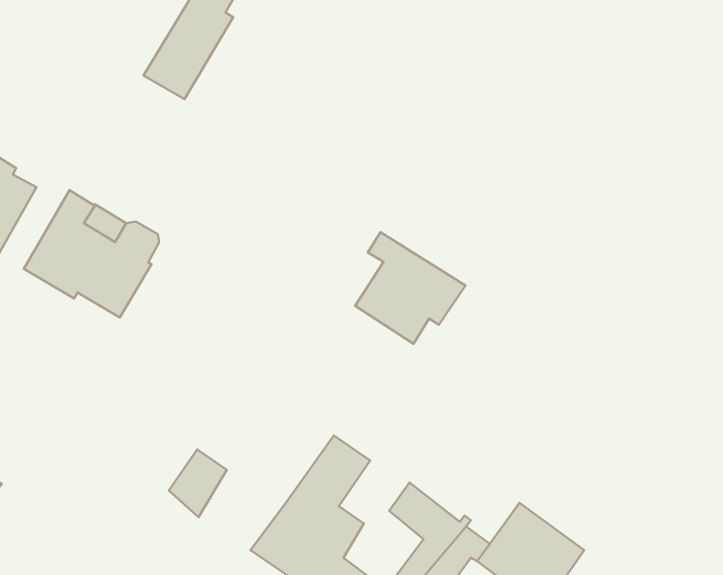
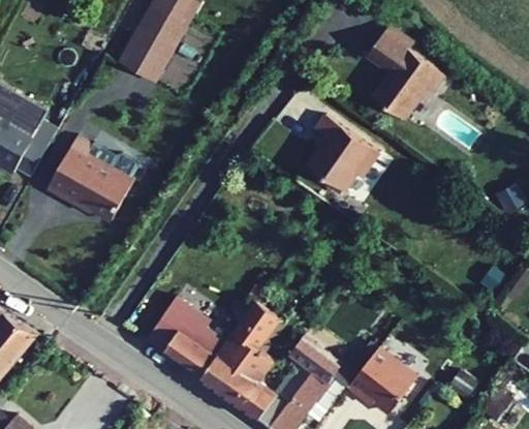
building: none -> [352,28,433,115]
building: [355,232,465,344] -> [316,125,388,198]
building: none -> [163,317,221,375]

